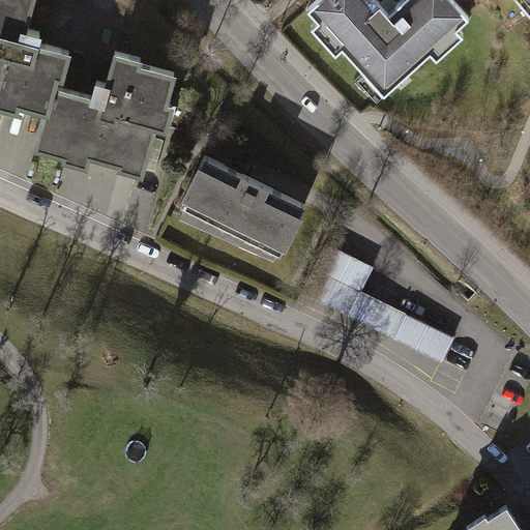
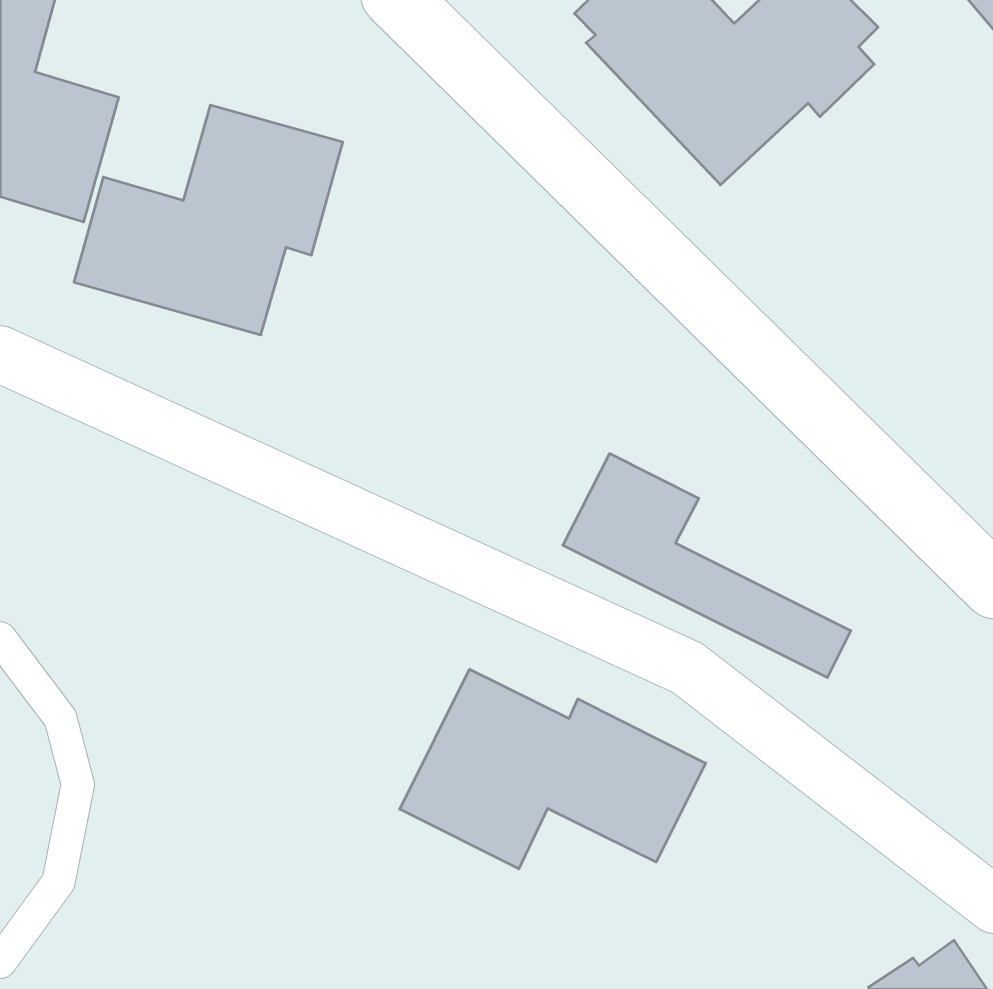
building: [175,160,299,257] -> none
building: none -> [400,669,706,869]

